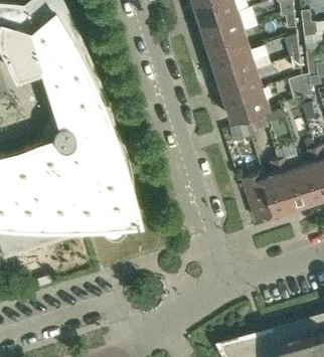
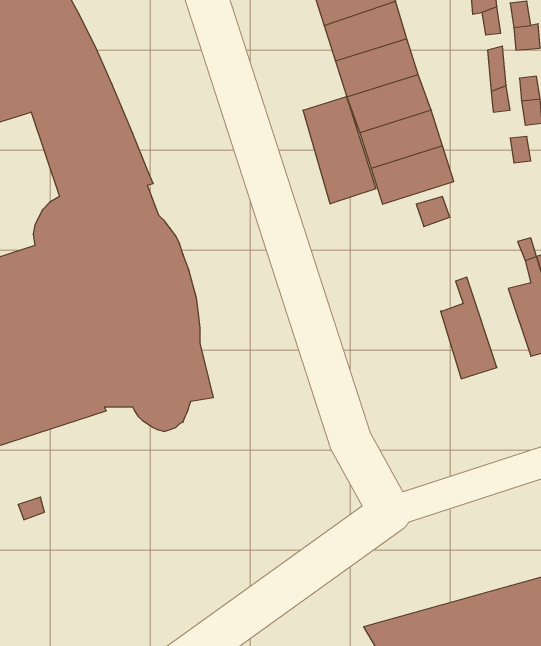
building: none -> [303,96,376,204]
building: [275,154,310,207] -> none
building: [240,171,273,219] -> none

